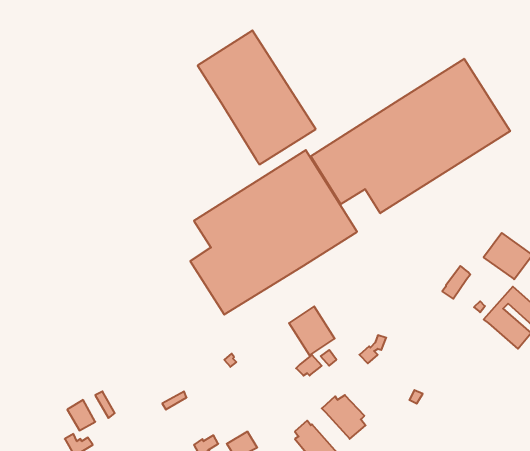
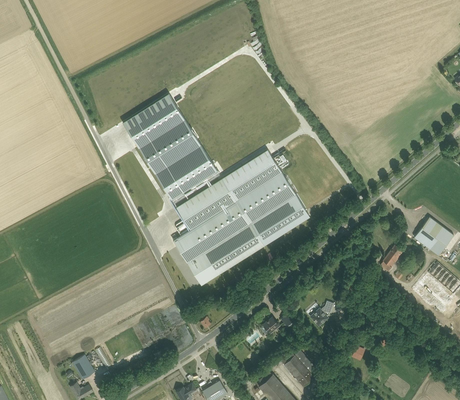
building: [198,30,316,164] -> [123,94,220,204]
building: [311,59,510,213] -> none
building: [289,306,335,355] -> none

